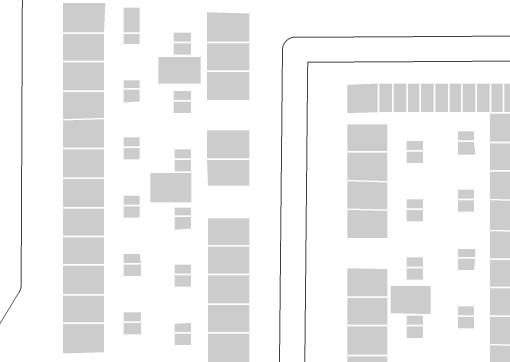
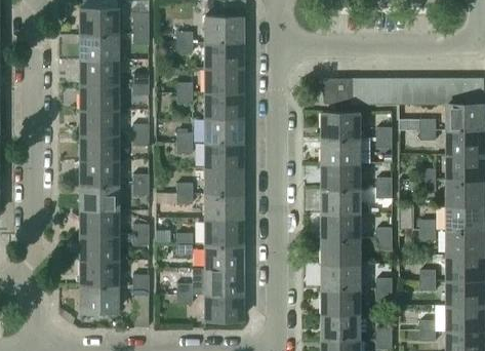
building: [158,56,202,85] -> [204,93,242,118]
building: [149,172,192,203] -> [205,167,242,194]
building: [390,285,431,315] -> [325,212,361,238]

